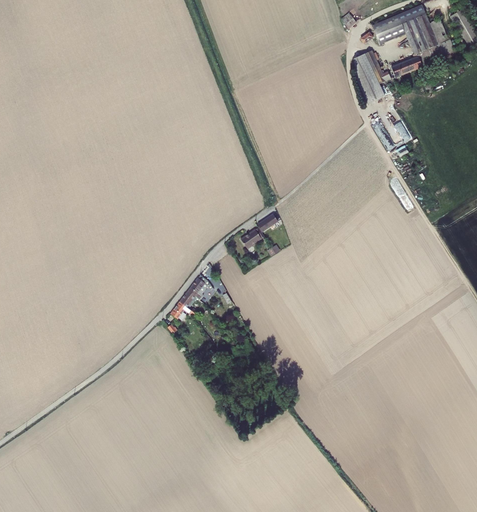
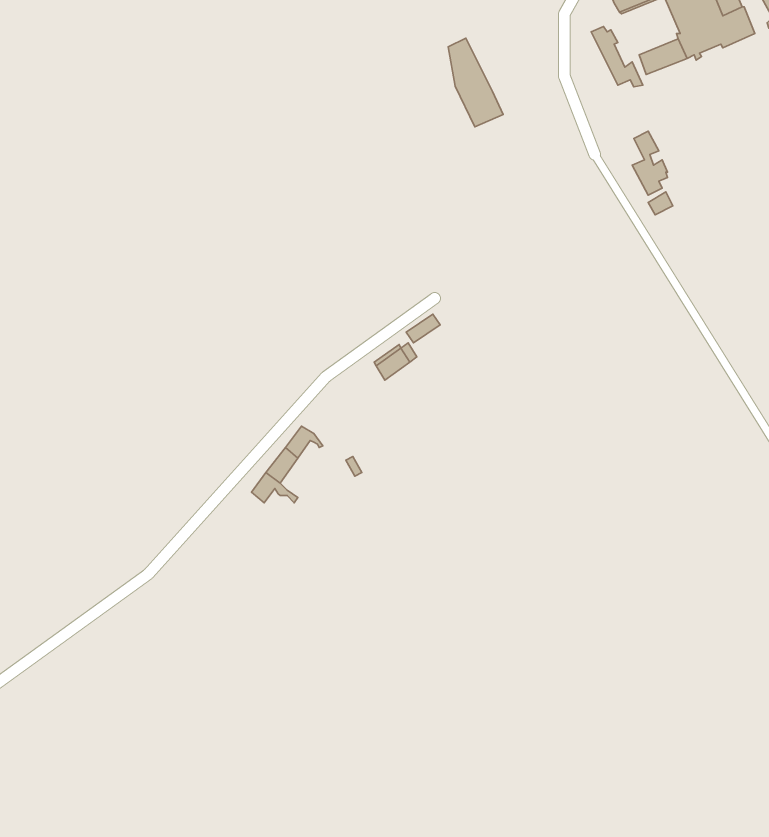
building: [353,53,384,103] -> [448,38,503,127]

